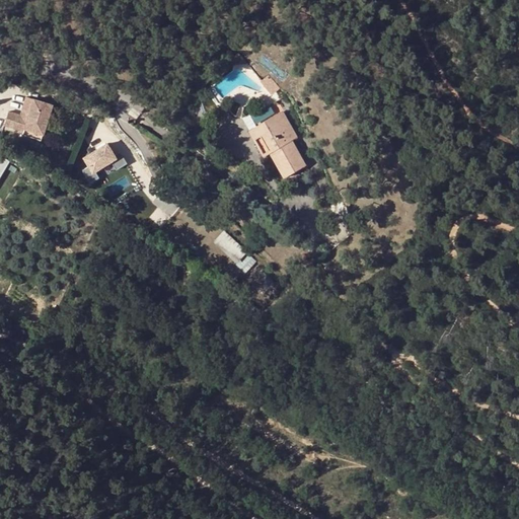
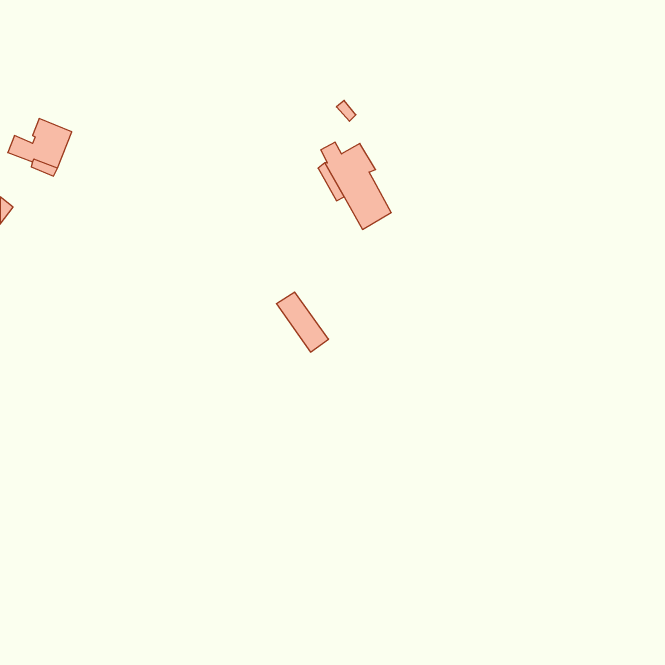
building: [82,144,131,186] -> none

